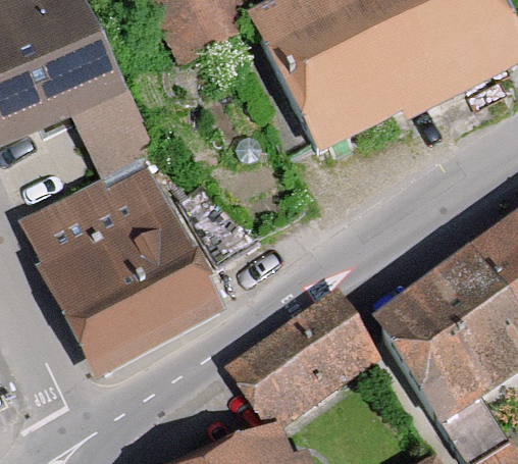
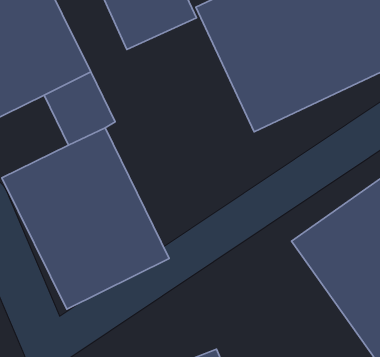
building: [224,296,376,433] -> none

